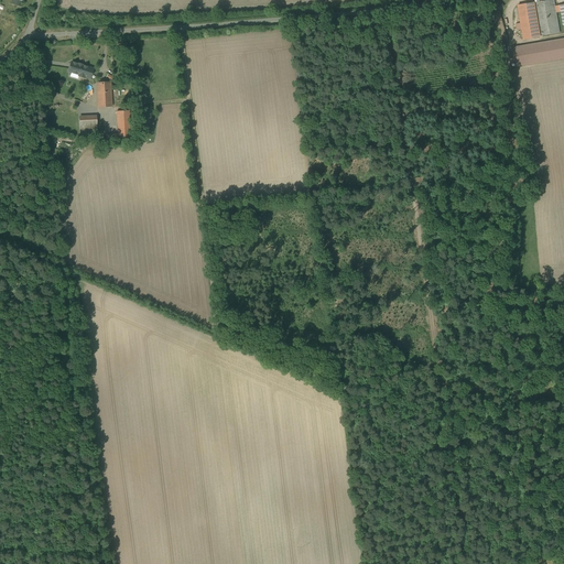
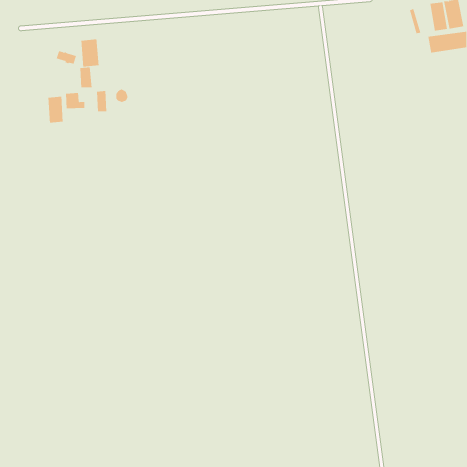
building: none -> [81,38,99,67]
building: none -> [48,96,63,123]

